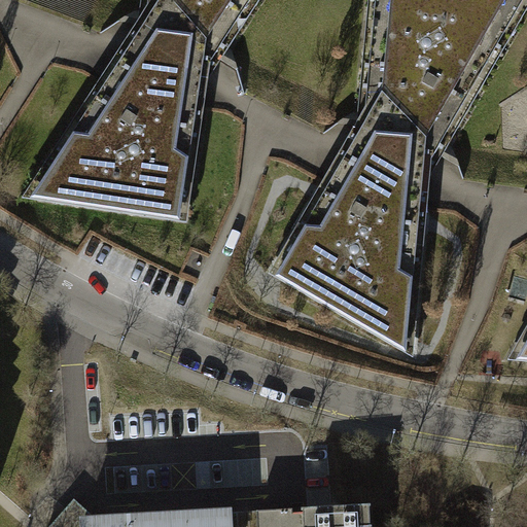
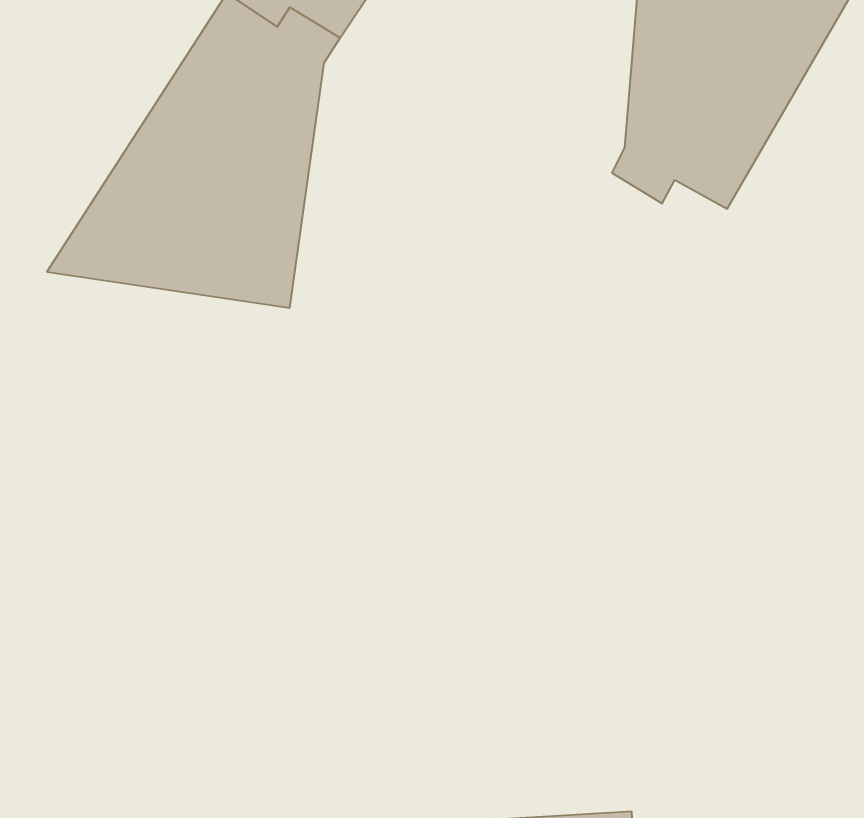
building: [278,139,423,346] -> none

